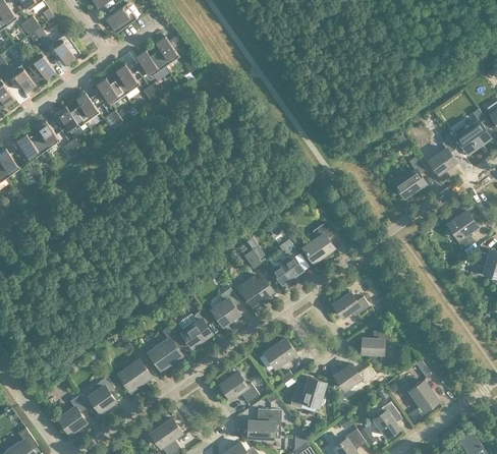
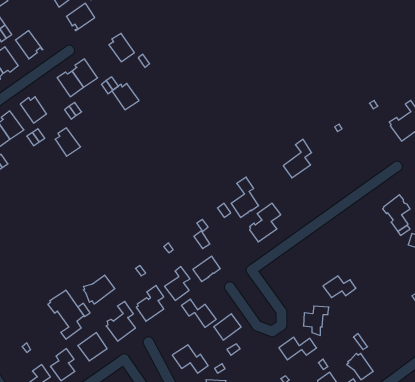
building: [135,50,165,78] -> [112,83,139,110]
building: [72,94,100,124] -> [55,128,81,156]
building: [429,140,455,174] -> none
building: [395,157,426,198] -> [283,139,312,178]
building: [272,240,301,284] -> [231,177,259,218]
building: [333,294,369,318] -> [323,276,356,298]
building: none -> [83,275,115,304]
building: none -> [48,290,84,339]
building: none -> [181,299,216,327]
building: [289,379,324,409] -> none

